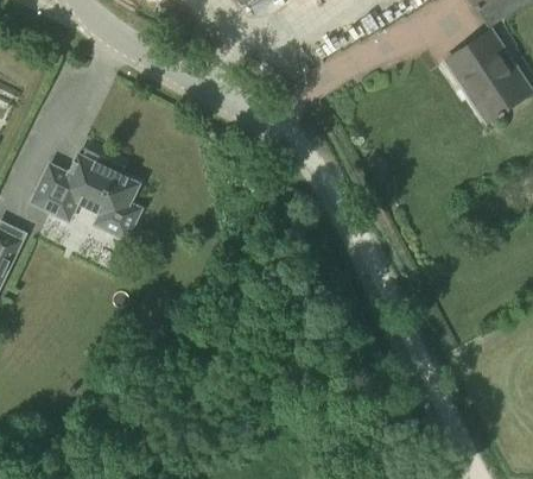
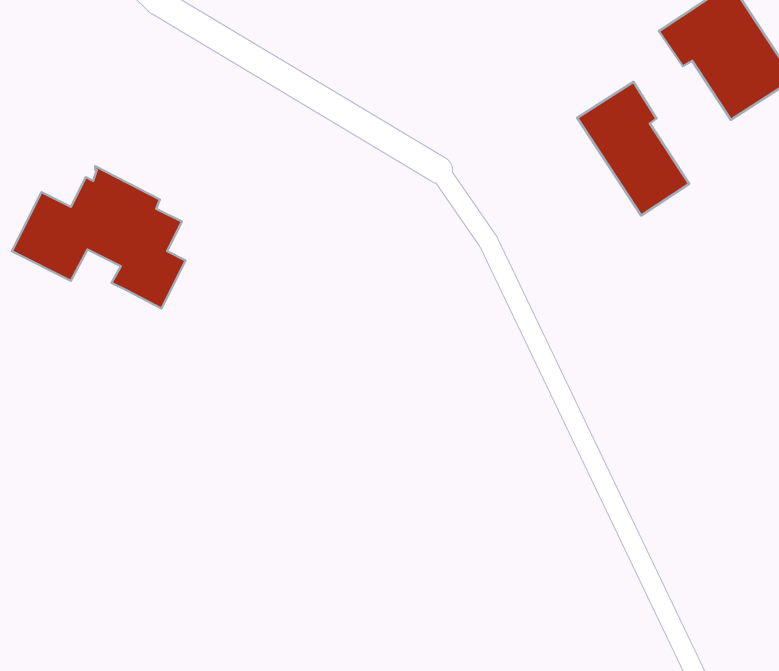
building: none -> [577,82,689,216]

